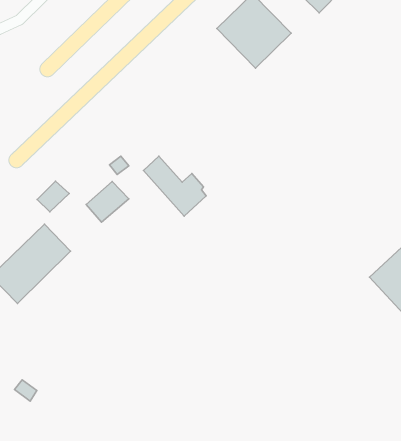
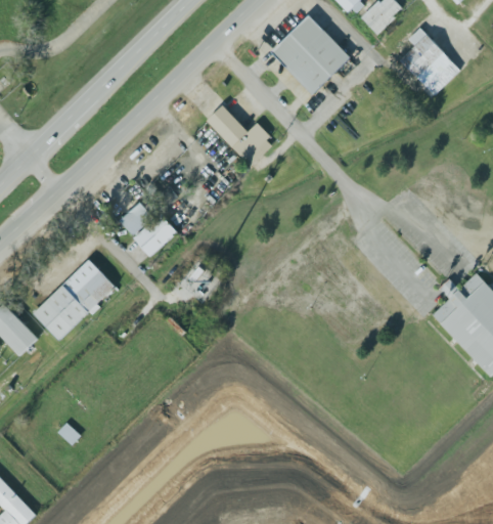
building: none -> [399,28,460,96]
building: [143,156,206,216] -> [207,104,273,168]
building: [37,181,69,212] -> [120,203,153,235]

